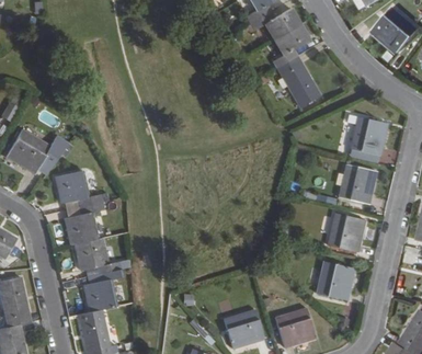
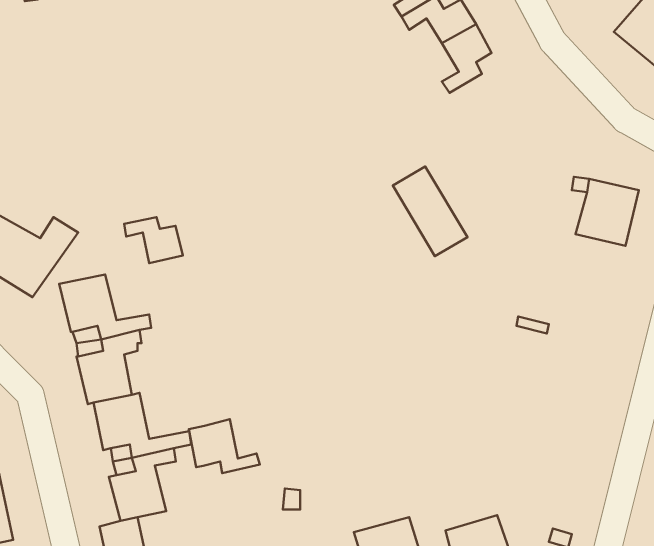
building: [278,55,321,106] -> [393,167,467,256]
building: none -> [124,217,183,263]
building: [340,163,376,203] -> none
building: [329,212,365,251] -> none
building: none -> [189,419,260,473]
building: [318,260,354,299] -> none

